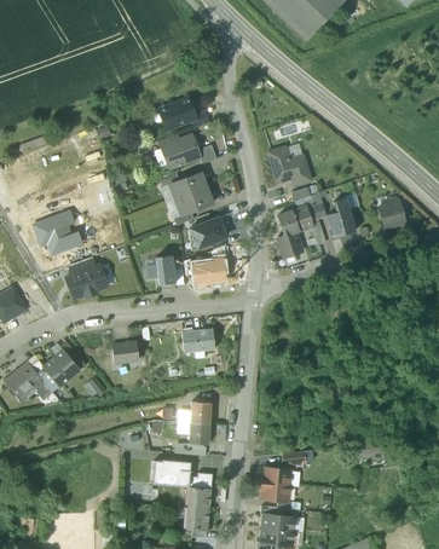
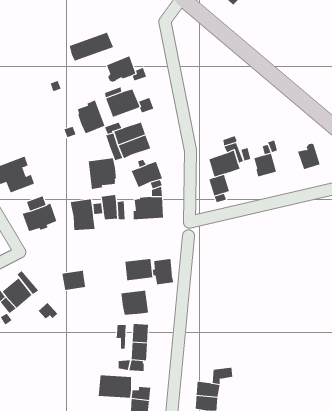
building: none -> [69,32,114,61]
building: [267,146,311,185] -> none
building: none -> [77,100,105,134]
building: none -> [88,157,117,190]
building: none -> [70,199,95,231]
building: none -> [152,258,174,285]
building: none -> [121,290,149,316]

